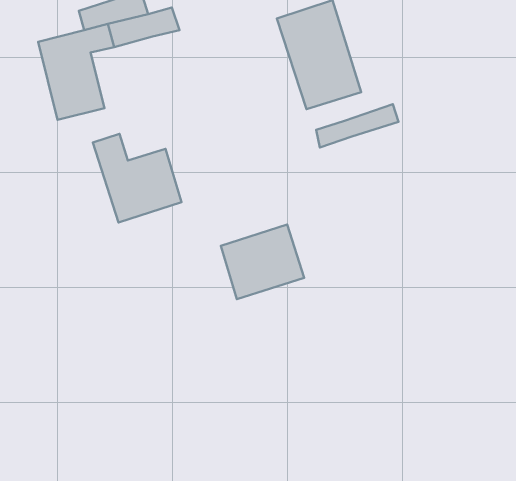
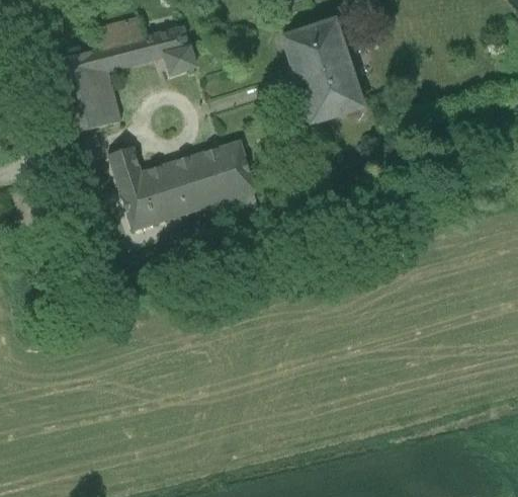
building: none -> [165,49,196,75]
building: [316,104,398,147] -> none
building: [221,224,304,299] -> [177,141,256,212]

